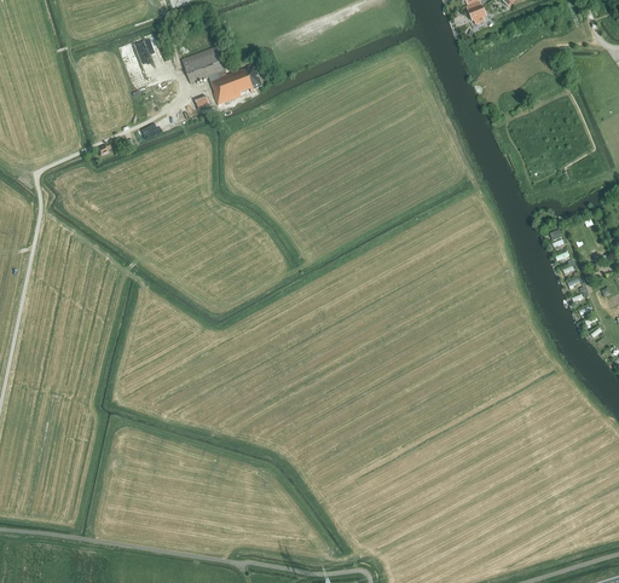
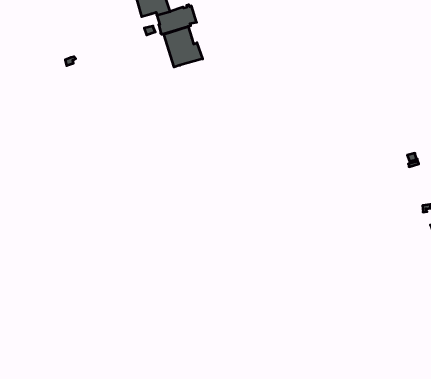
building: none -> [164,26,203,67]

